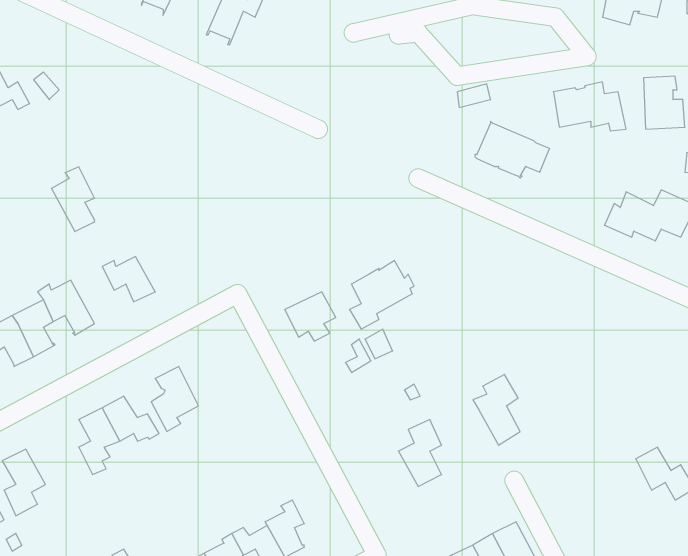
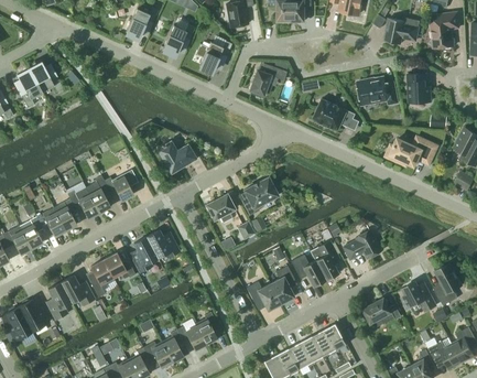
building: none -> [199,41,231,72]
building: none -> [250,63,286,96]
building: [51,167,95,232] -> [86,175,110,212]
building: none -> [158,142,195,171]
building: none -> [147,229,180,258]
building: none -> [343,230,380,259]
building: none -> [291,253,326,287]
building: none -> [61,274,95,305]
building: none -> [246,281,281,310]
building: none -> [364,298,401,322]

